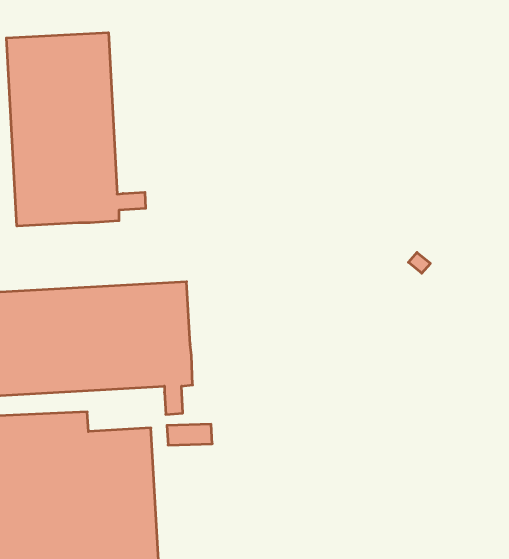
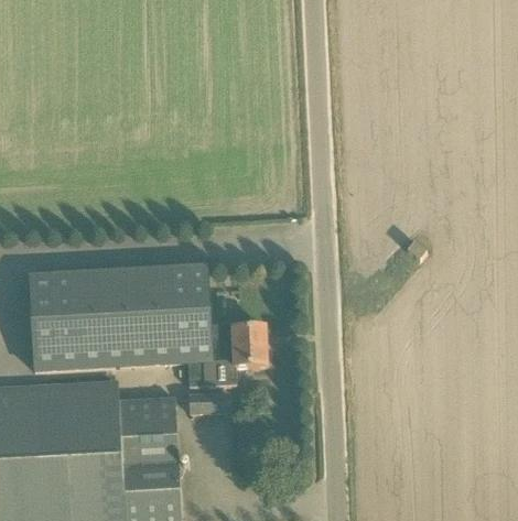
building: [6,33,146,226] -> none
building: none -> [202,325,266,383]

